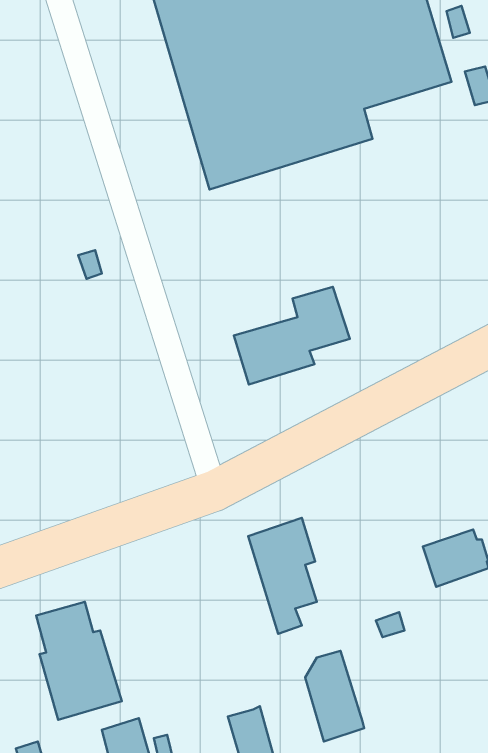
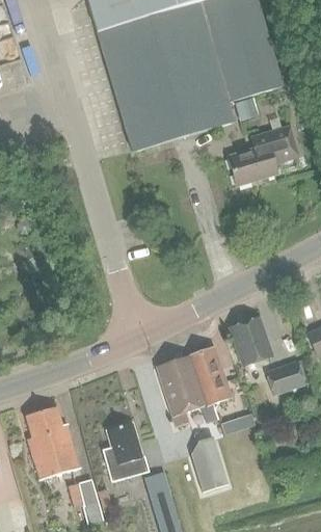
building: [234,287,350,384] -> [228,125,299,185]
building: none -> [229,317,273,367]
building: none -> [190,346,231,422]
building: none -> [102,422,149,481]

